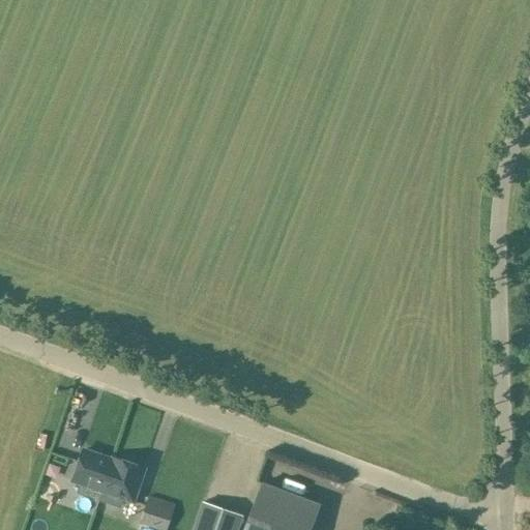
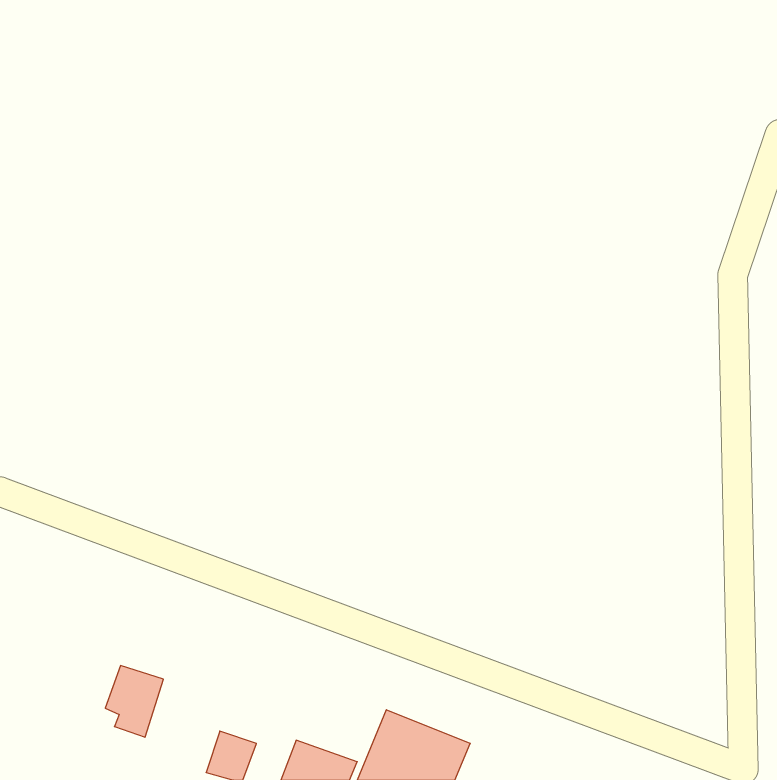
building: [100,459,145,507] -> none

